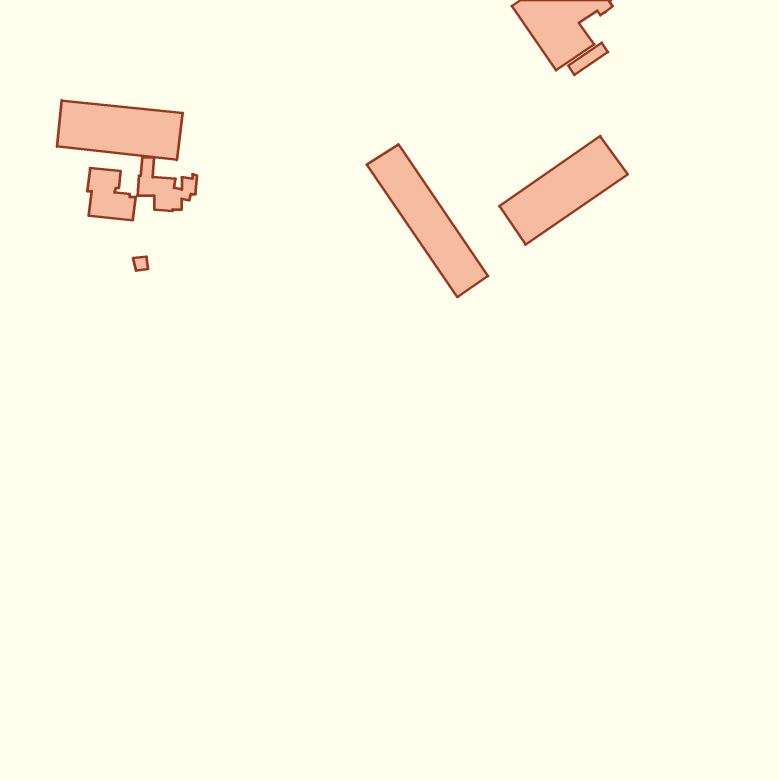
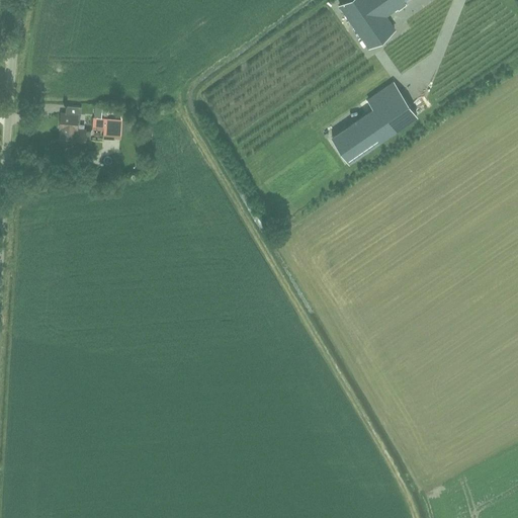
building: [57,100,183,160] -> none
building: [367,144,488,297] -> none

